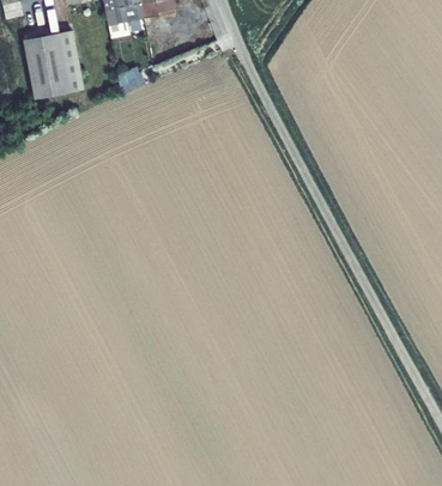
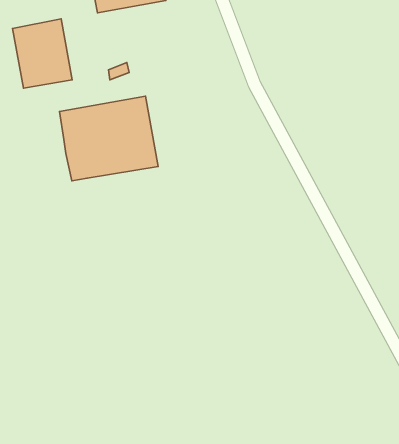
building: none -> [59,96,158,181]

